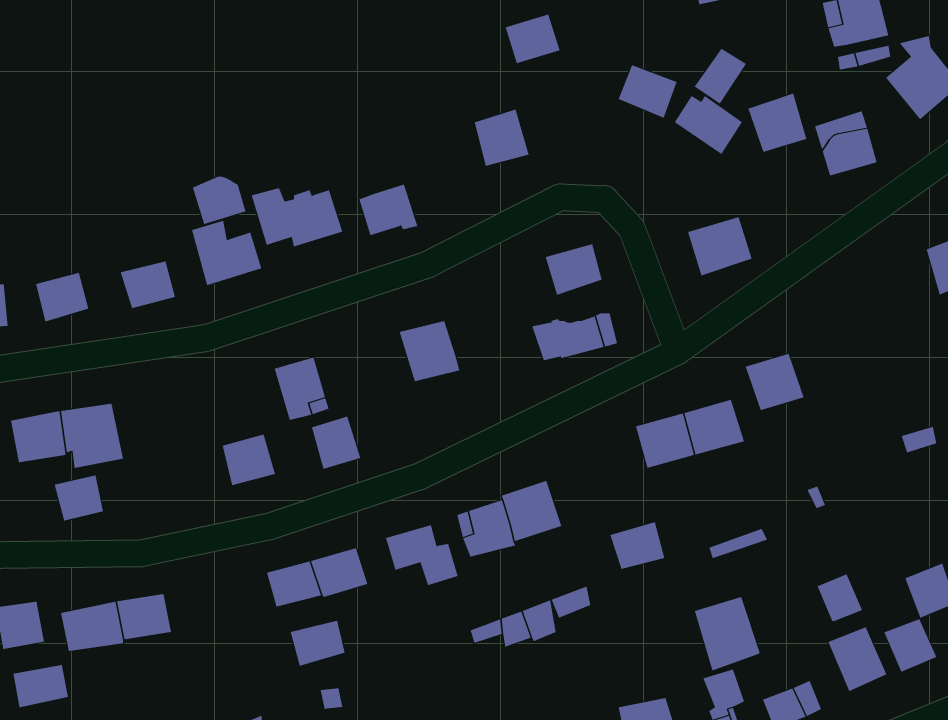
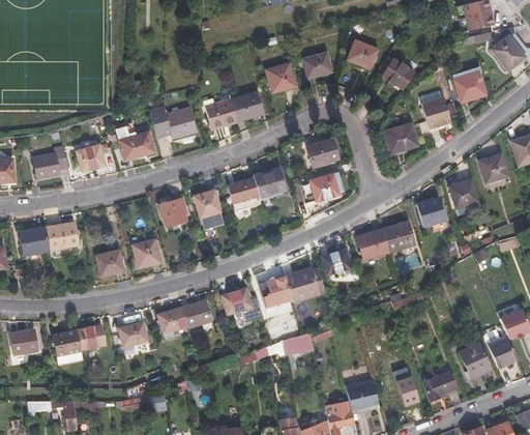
building: [505,14,560,64] -> [302,53,332,80]
building: [694,48,747,104] -> none
building: [748,93,807,153] -> [417,95,449,127]
building: none -> [230,93,264,124]
building: [192,176,246,225] -> none
building: none -> [479,152,508,181]
building: none -> [253,172,287,198]
building: none -> [447,178,476,206]
building: [311,416,361,470] -> [195,189,222,218]
building: [54,475,104,521] -> [97,251,124,276]
building: [609,521,665,570] -> [319,247,349,272]
building: [817,573,863,622] -> none
building: [694,596,761,671] -> none
building: [290,620,345,666] -> [118,323,148,348]
building: [13,664,69,708] -> none

